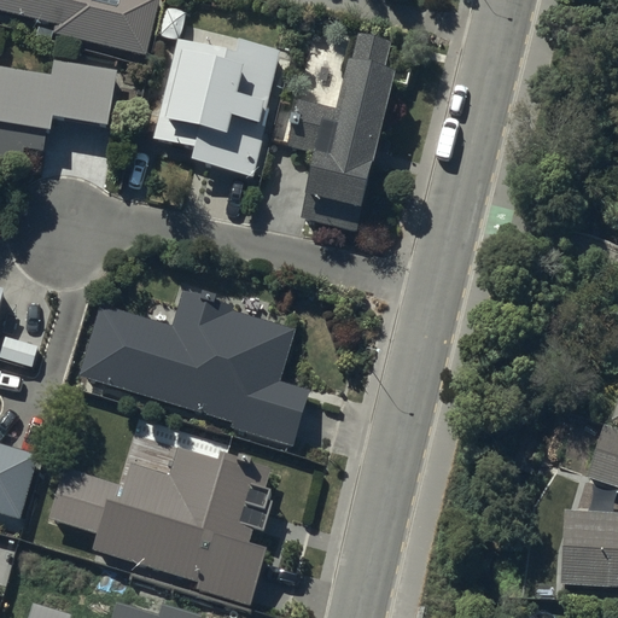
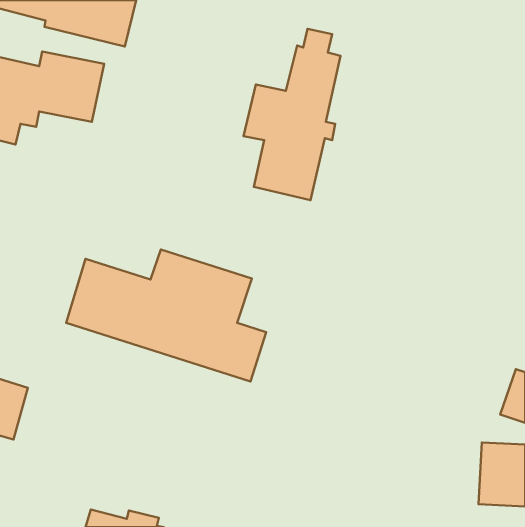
building: [151,34,282,174] -> none
building: [51,433,267,583] -> none

